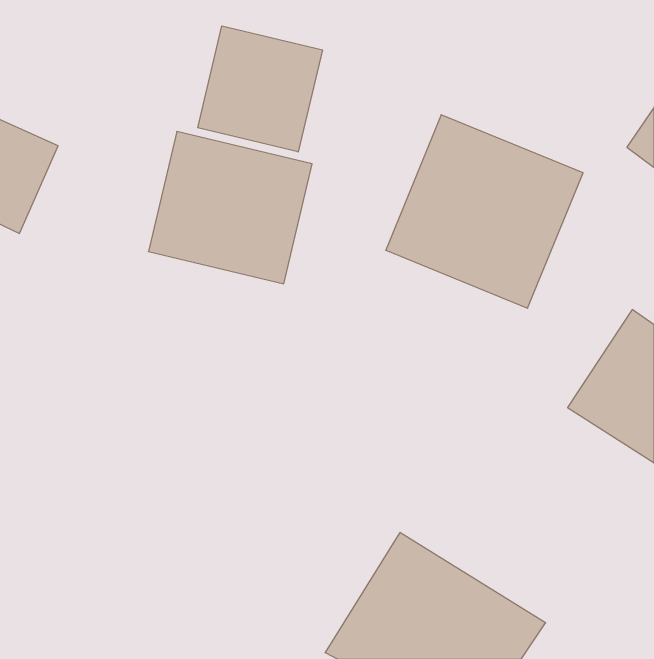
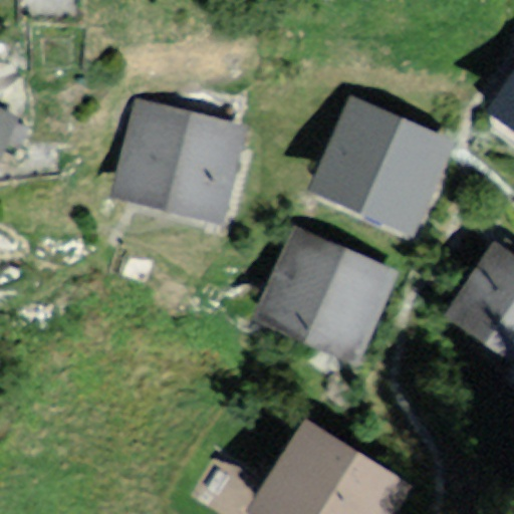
building: [198,26,322,152] -> none
building: none -> [257,232,398,367]

